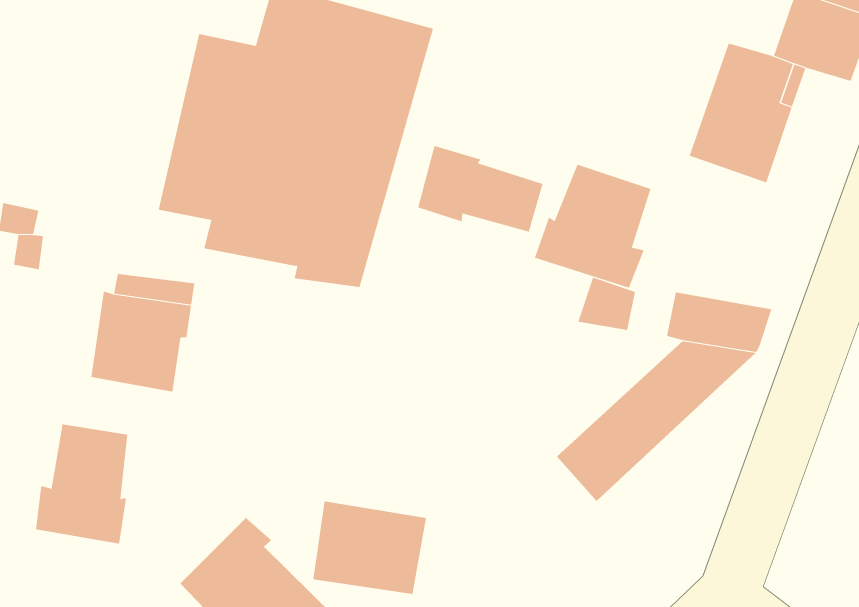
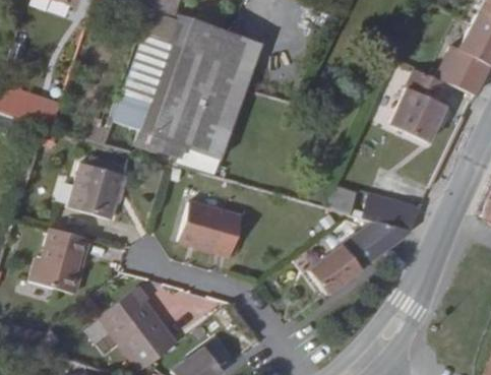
building: [417,145,543,232] -> none
building: [534,164,651,289] -> none
building: [312,501,427,594] -> [178,199,240,252]

